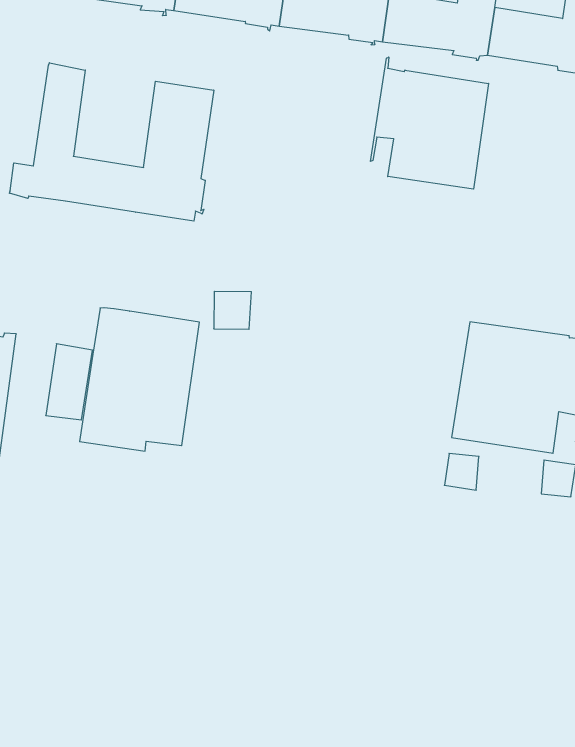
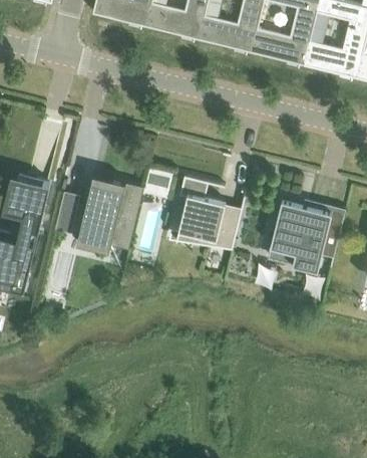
building: [371,57,489,189] -> none
building: [9,63,214,221] -> none
building: none -> [177,175,246,249]

